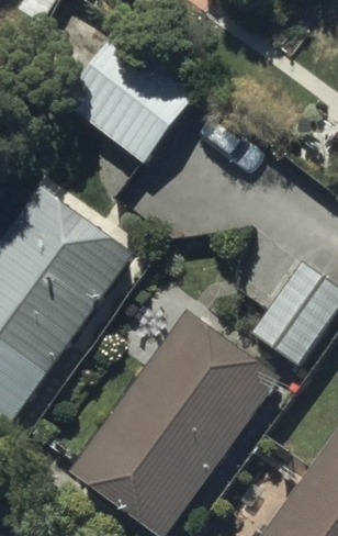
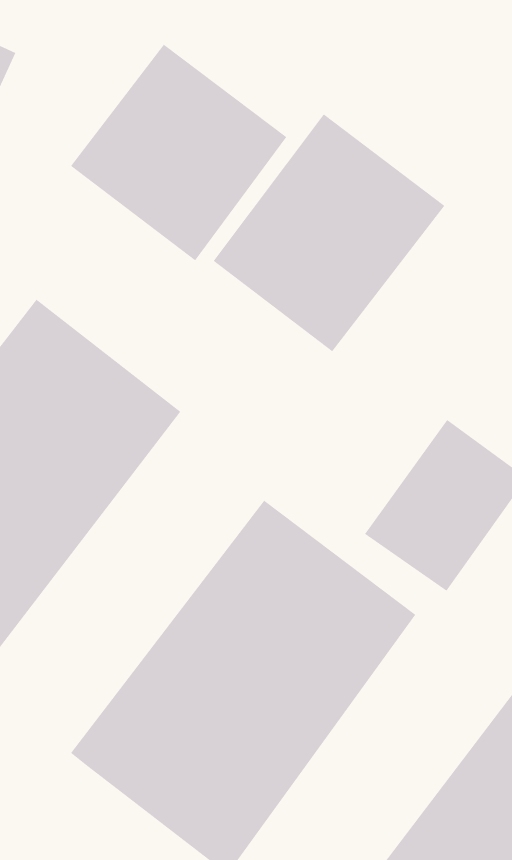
building: none -> [213,113,445,352]

